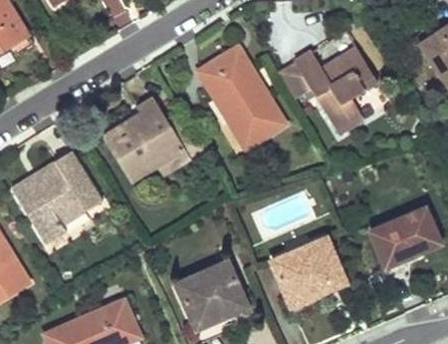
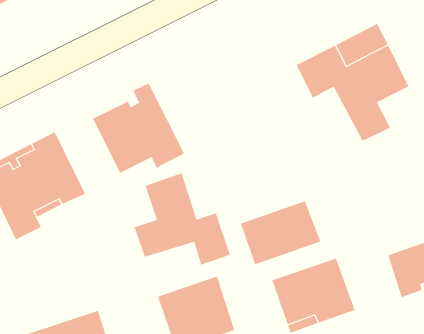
building: [199,47,284,147] -> none
building: none -> [134,173,231,265]
building: none -> [240,200,321,265]

